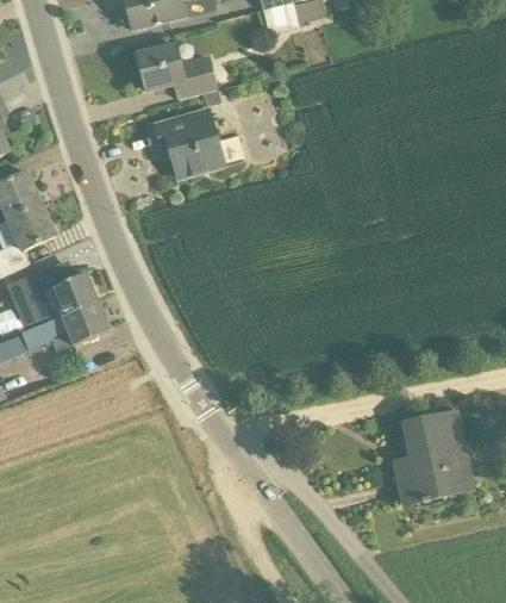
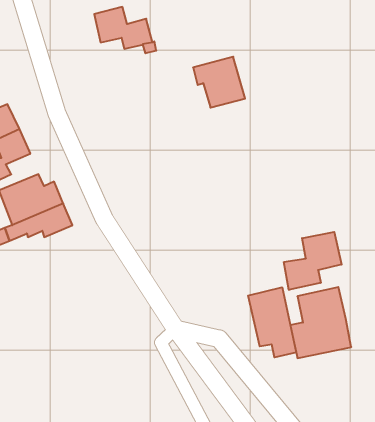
building: [155,110,223,176] -> [193,57,245,108]
building: none -> [284,232,342,290]
building: none -> [248,287,296,357]

